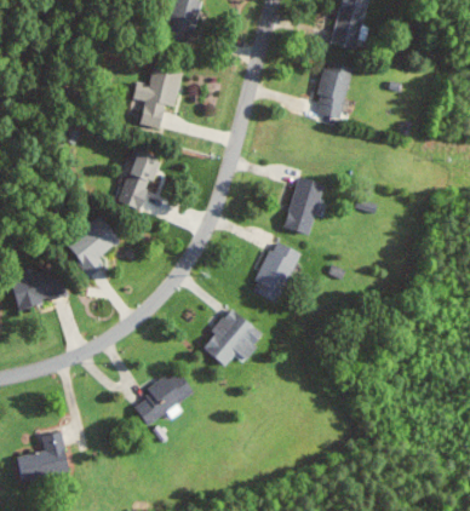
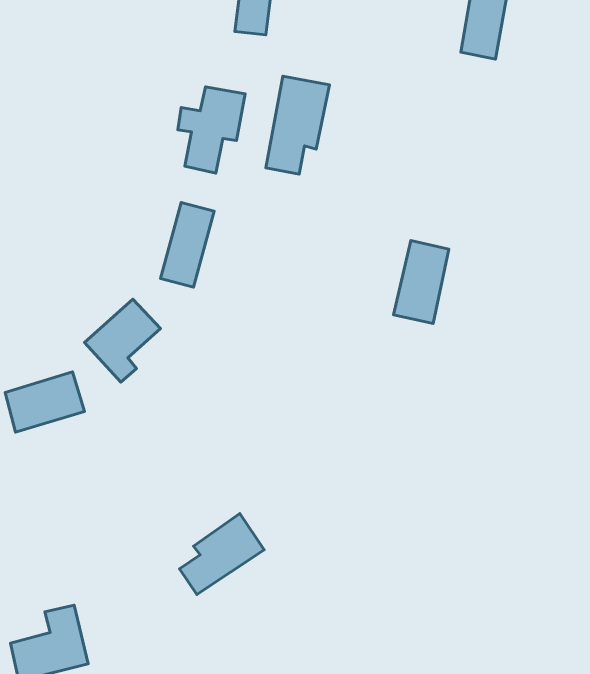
building: none -> [266,76,329,174]
building: [314,61,351,119] -> none
building: [251,240,300,303] -> none
building: [199,306,265,367] -> none

